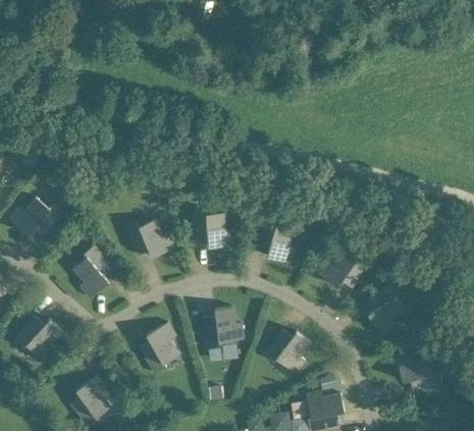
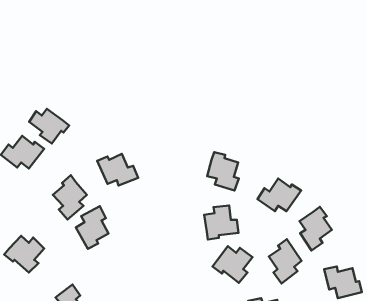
building: none -> [29,109,69,144]
building: [194,209,233,247] -> none
building: [204,306,245,346] -> [204,205,238,240]
building: none -> [269,239,302,284]
building: [141,321,179,372] -> [76,206,108,249]

